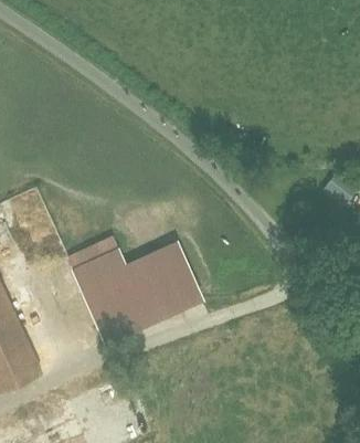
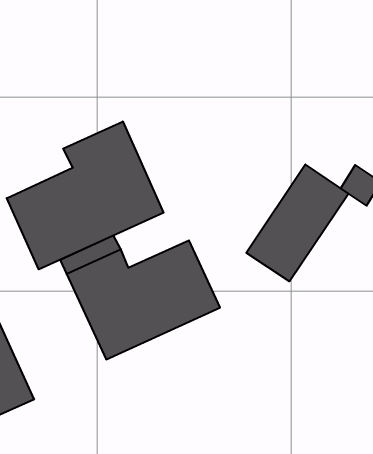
building: none -> [7,121,164,269]
building: none -> [246,164,348,281]

